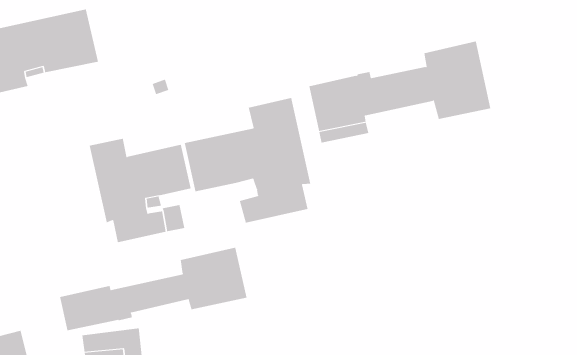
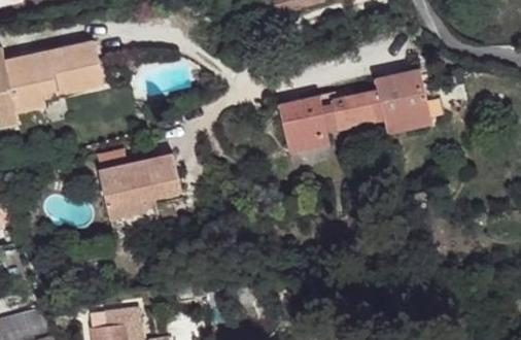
building: [184,97,311,223] -> none
building: [59,247,247,331] -> none

